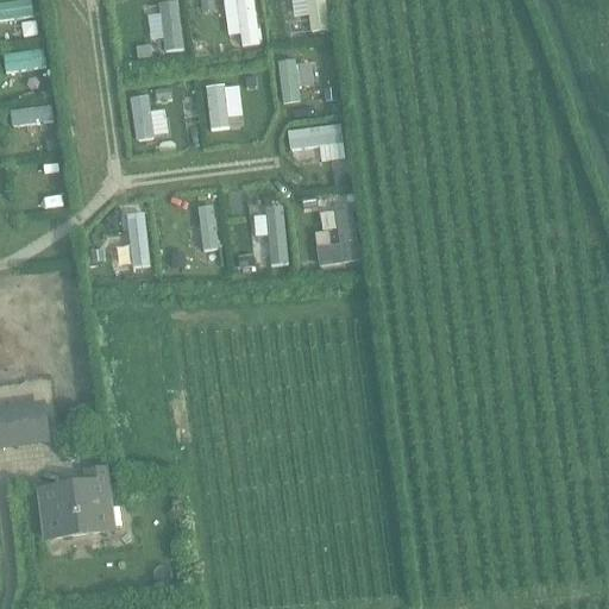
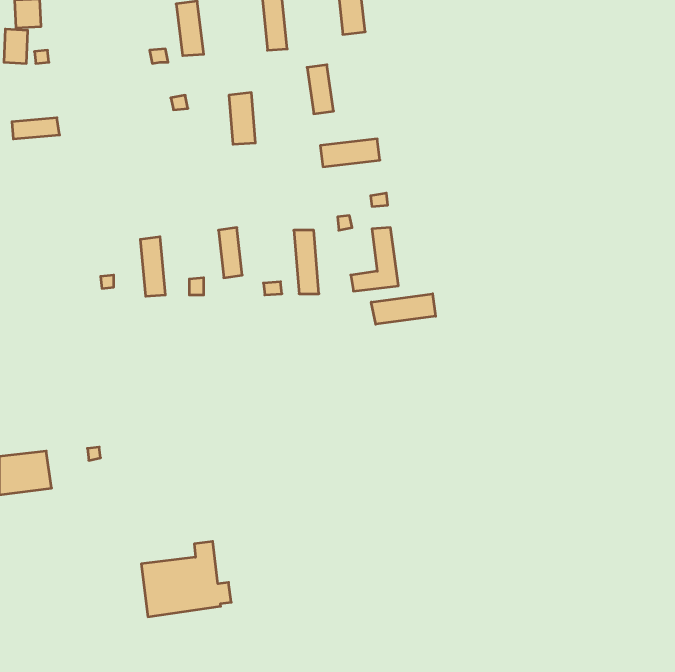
building: [130,95,153,140] -> none
building: none -> [371,294,436,324]
building: [39,470,120,538] -> [141,541,231,617]

